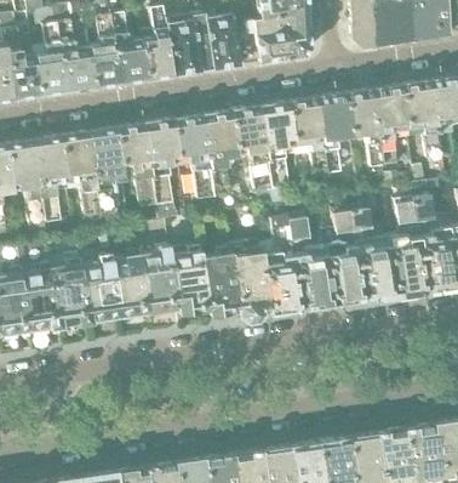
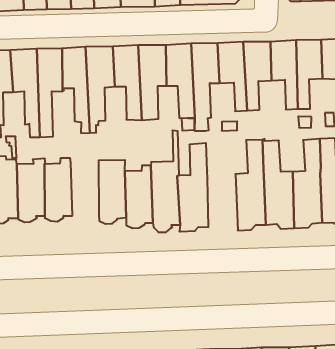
building: [287,212,333,309] -> none
building: [141,244,178,317] -> none

